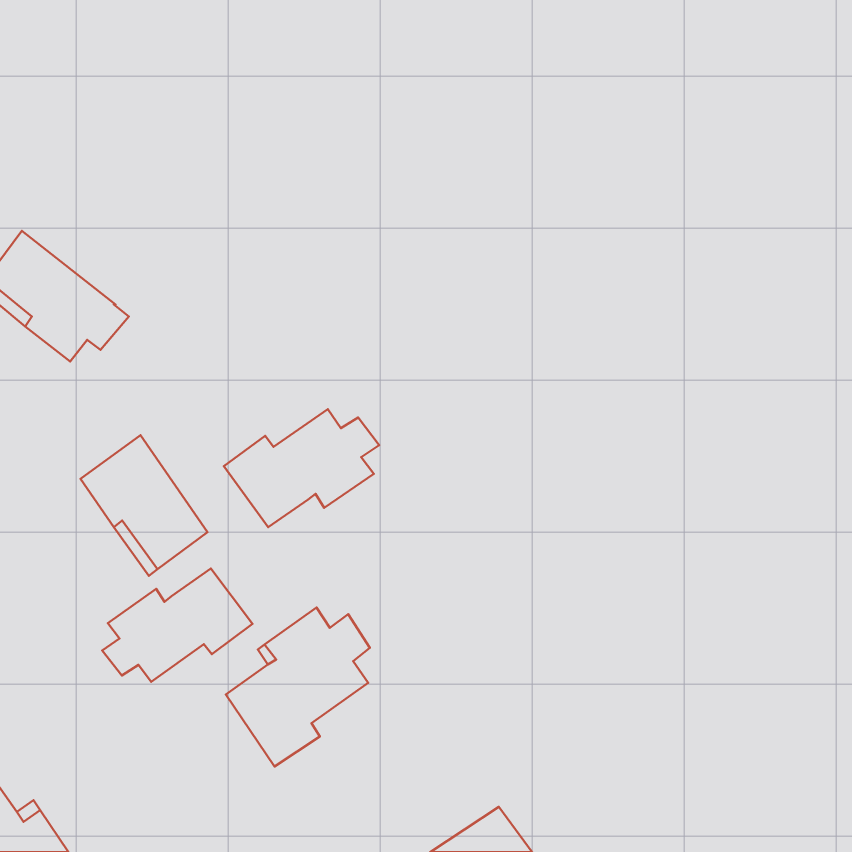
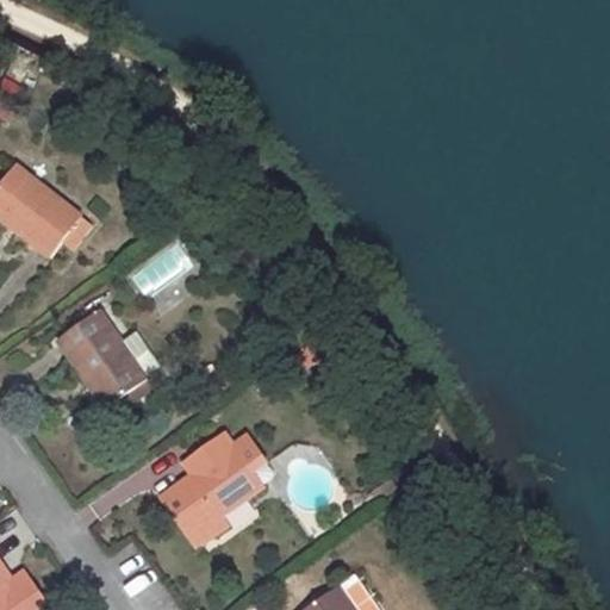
building: [224,409,379,527] -> none
building: [102,568,252,682] -> none

